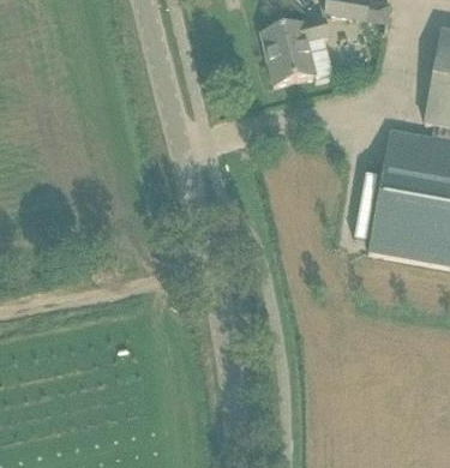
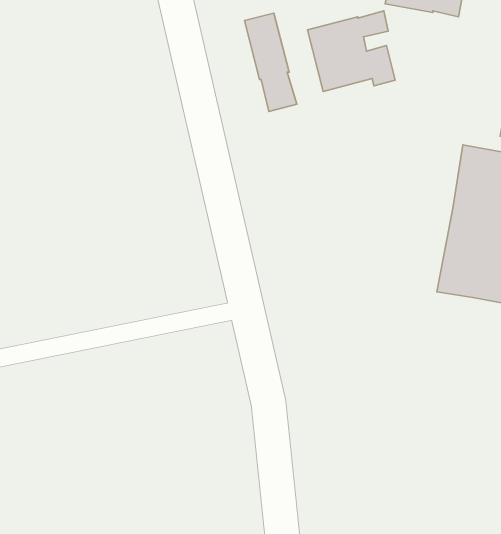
building: none -> [244,13,297,112]

